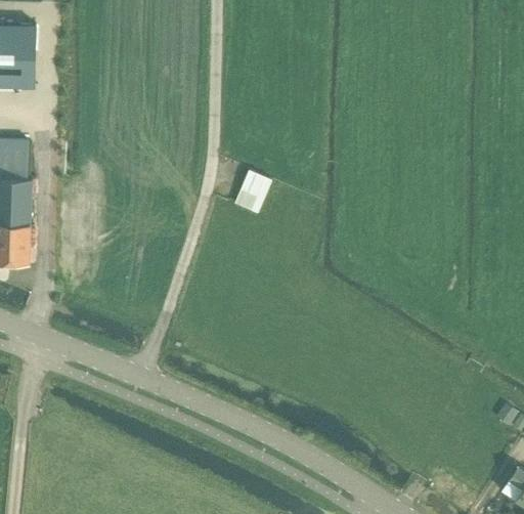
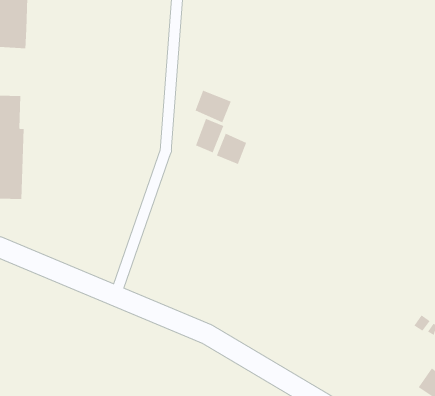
building: none -> [195,90,231,123]
building: none -> [216,133,247,165]

